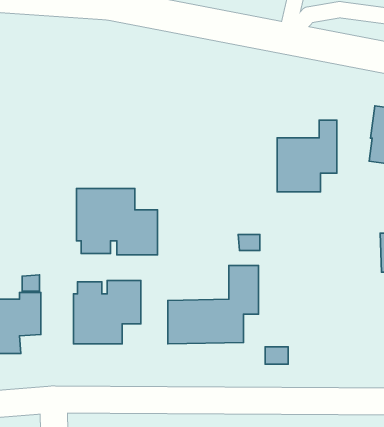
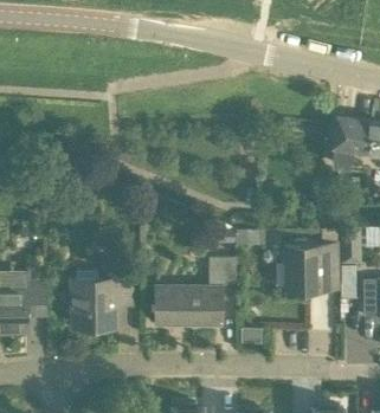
building: [277,120,337,192] -> [284,228,336,291]
building: [76,189,158,255] -> none

